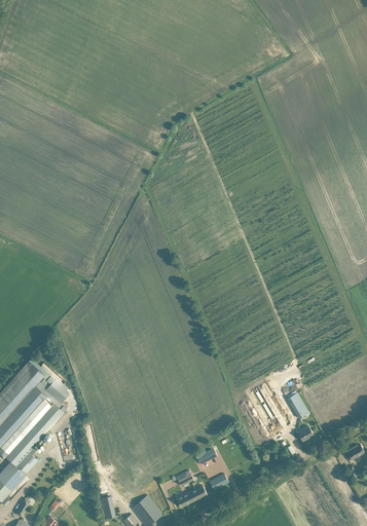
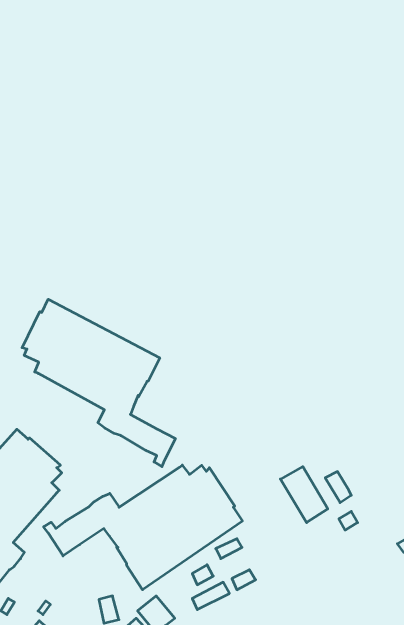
building: none -> [22,299,175,467]
building: none -> [44,465,242,590]

